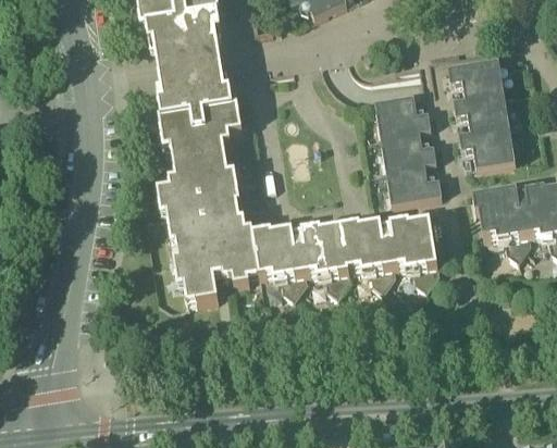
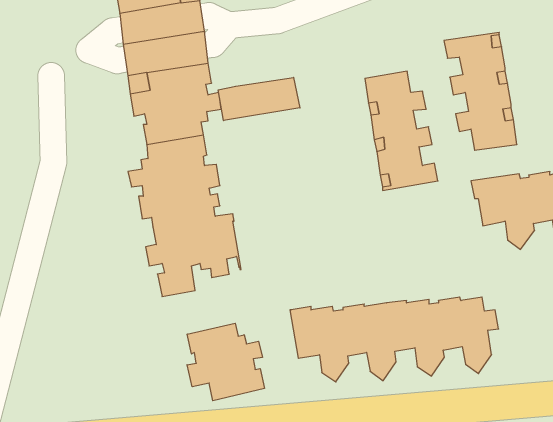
building: none -> [218,77,300,121]
building: [252,219,445,297] -> [290,297,499,382]
building: none -> [187,323,264,401]

